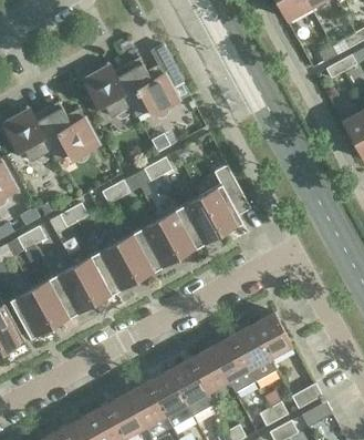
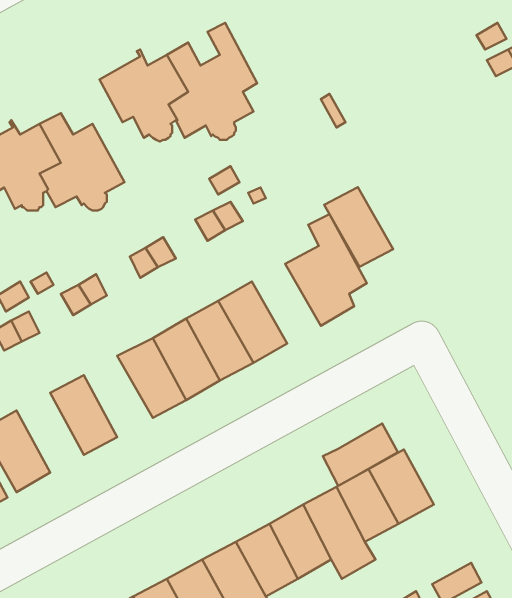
building: [178,196,221,246] -> [324,187,393,267]
building: [73,254,116,305] -> none
building: [31,277,73,327] -> none
building: none -> [323,424,398,486]

